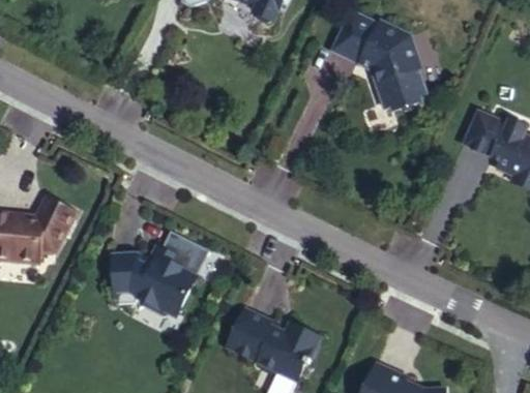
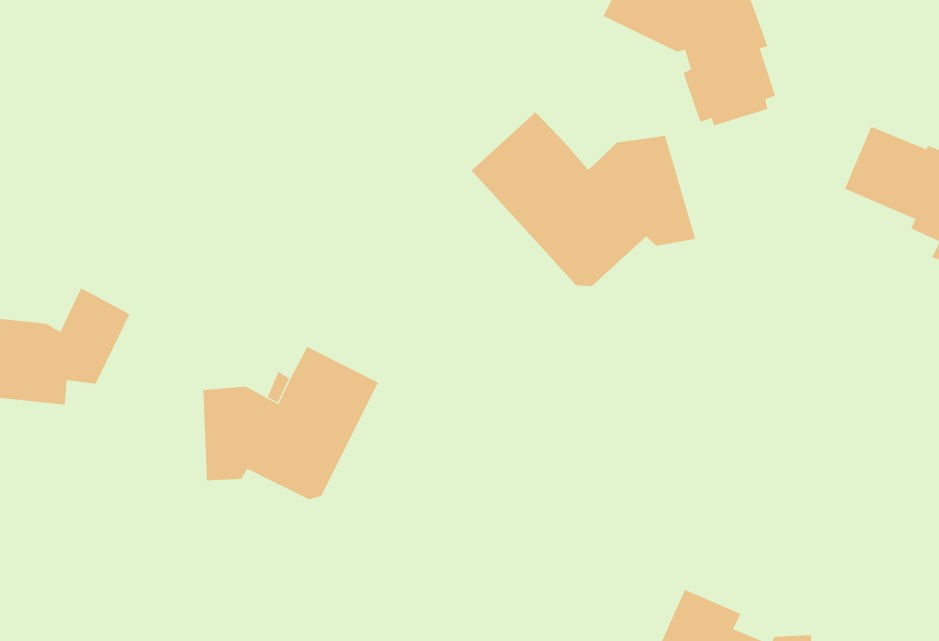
building: none -> [471,112,696,287]
building: [227,307,320,381] -> none

